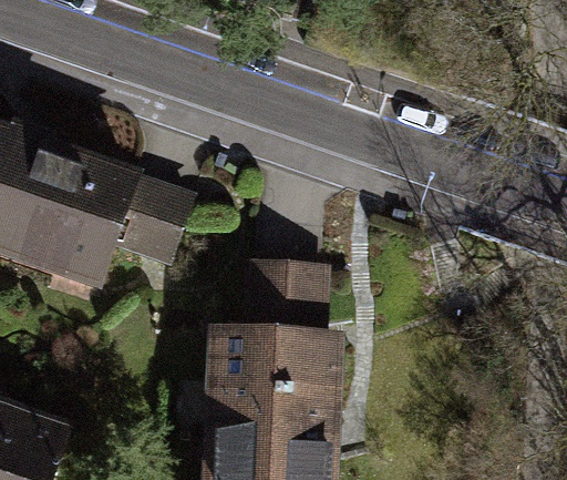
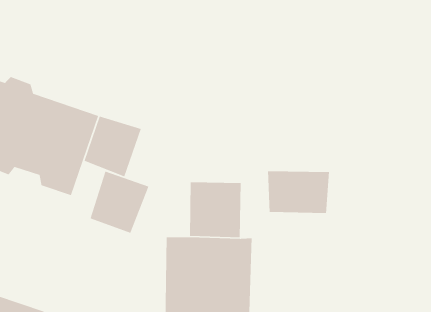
building: none -> [89,170,149,234]
building: none -> [267,171,330,214]

